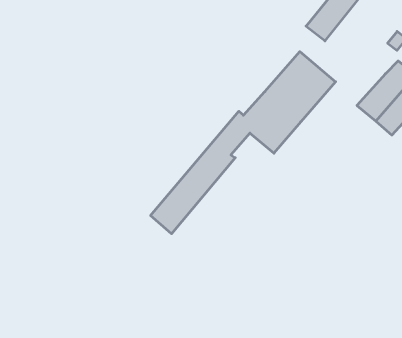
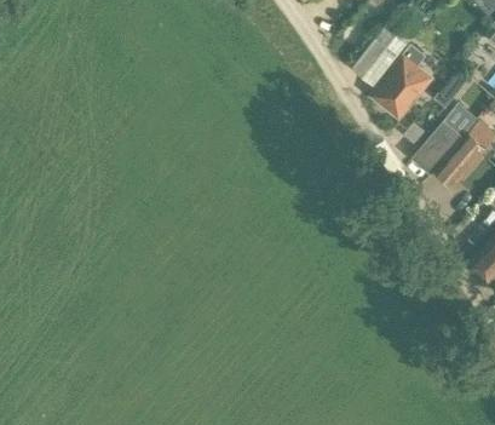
building: none -> [374,45,430,115]
building: [151,52,336,234] -> none

